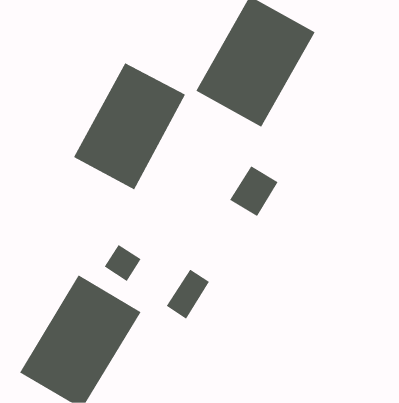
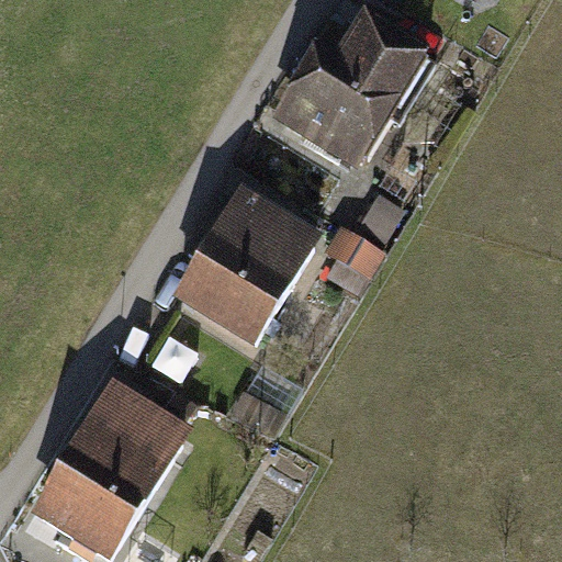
building: [73,63,186,190] -> [170,183,324,358]

